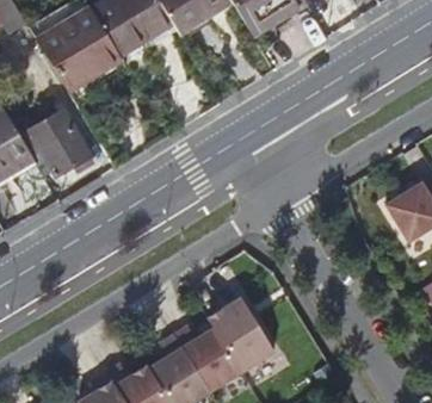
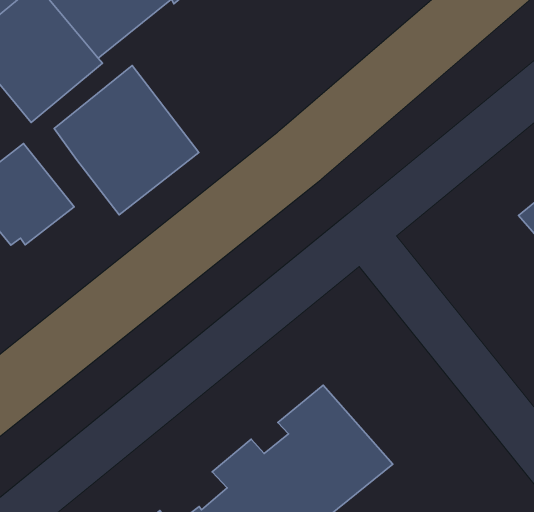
building: none -> [54,65,199,215]

